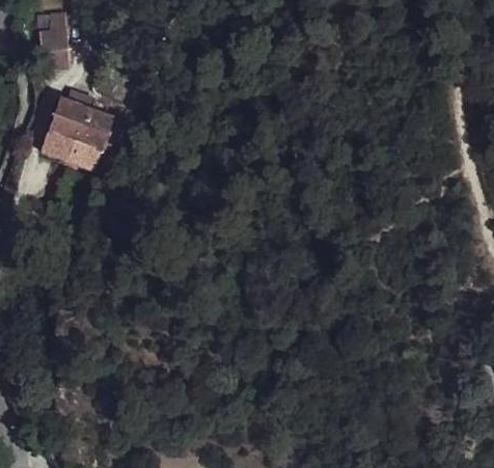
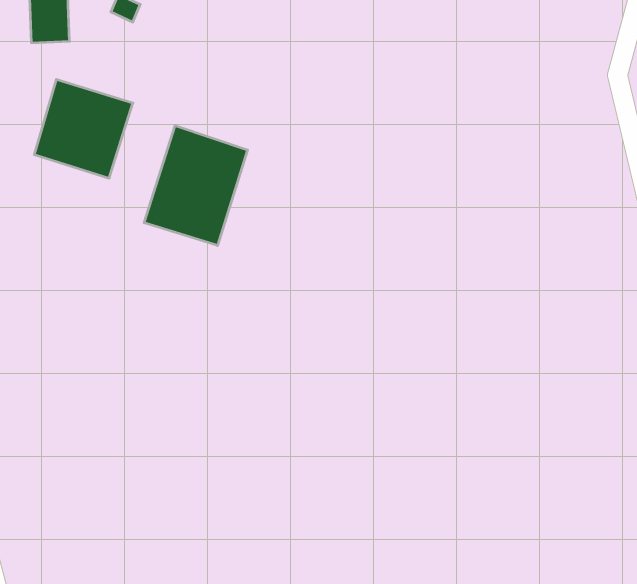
building: none -> [144,125,248,246]

